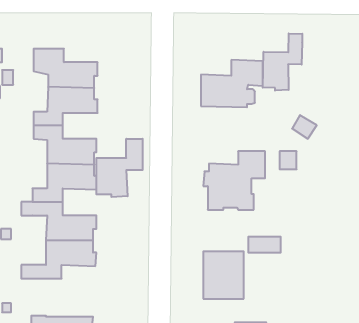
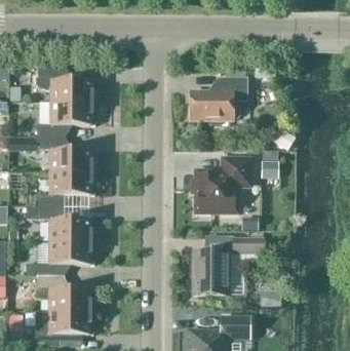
building: [263,33,302,91] -> none
building: [96,139,143,197] -> none
building: none -> [36,276,93,311]

